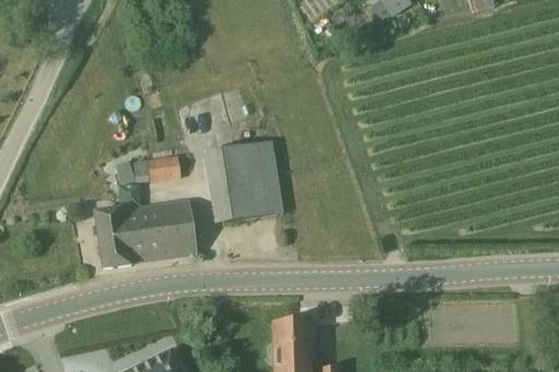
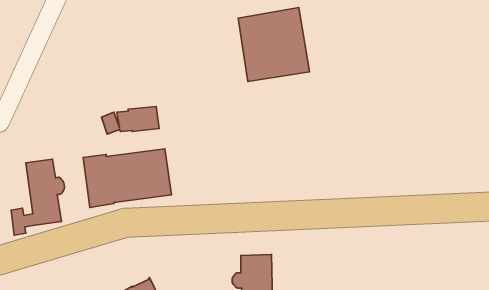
building: [204,141,285,225] -> [238,8,309,82]
building: none -> [11,159,65,235]

